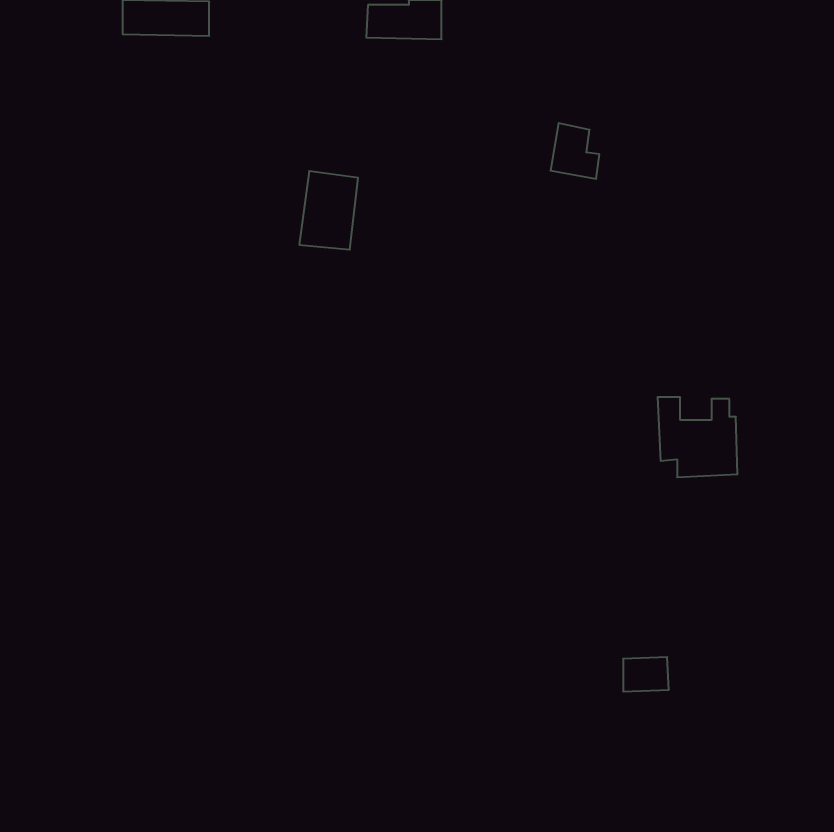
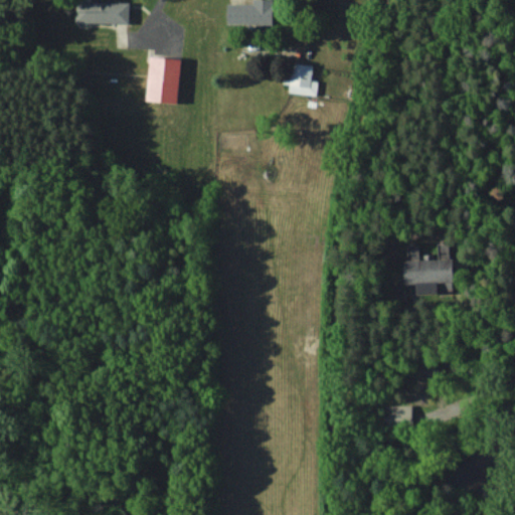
building: [550,123,599,179] -> [288,63,318,98]
building: [299,171,358,250] -> [145,56,181,105]

